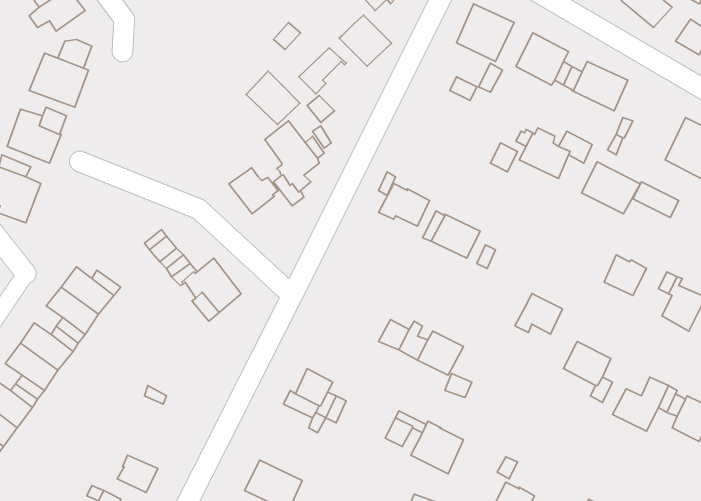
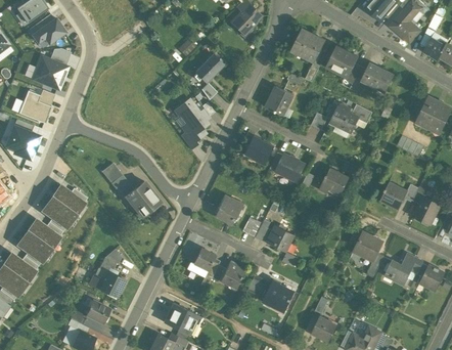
building: [339,15,392,66] -> none
building: [246,71,300,125] -> none
building: none -> [265,85,293,115]
building: [582,162,640,214] -> none
building: [229,168,278,214] -> none
building: none -> [214,193,243,225]
building: [515,294,562,334] -> [320,169,349,193]
building: none -> [220,263,245,289]
building: none -> [90,271,125,298]

